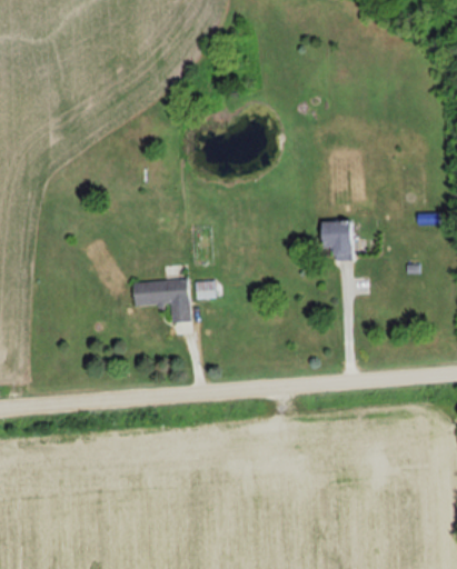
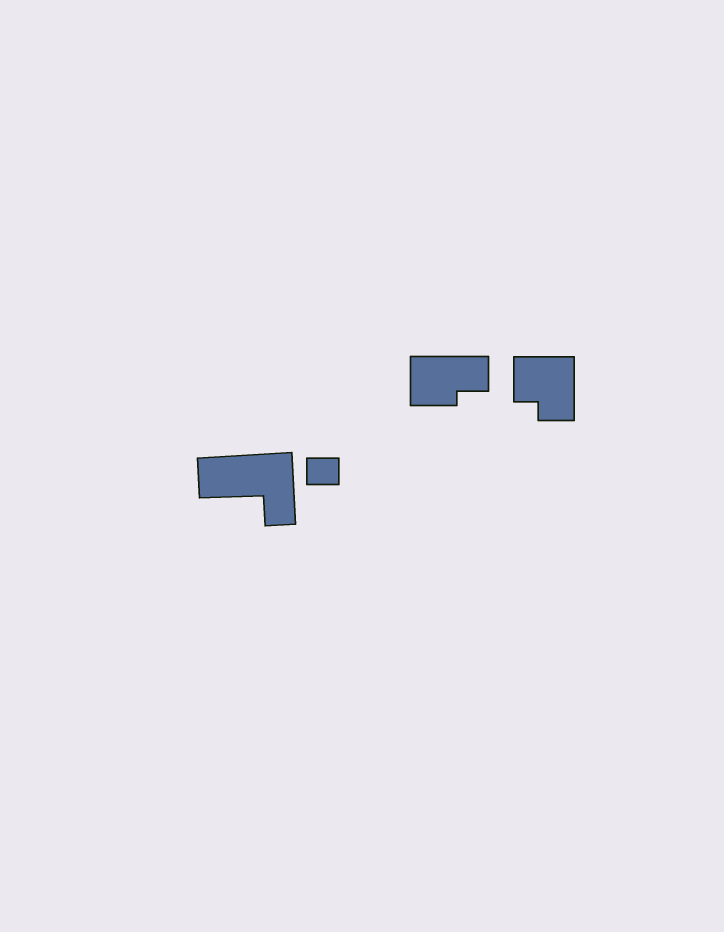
building: none -> [411,356,488,406]

